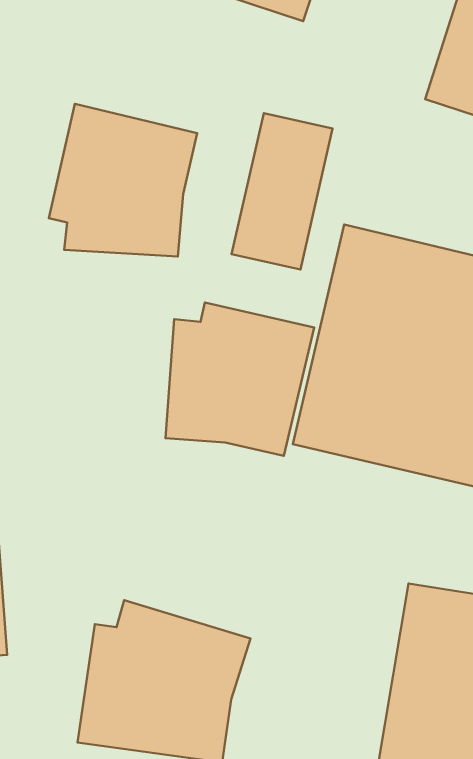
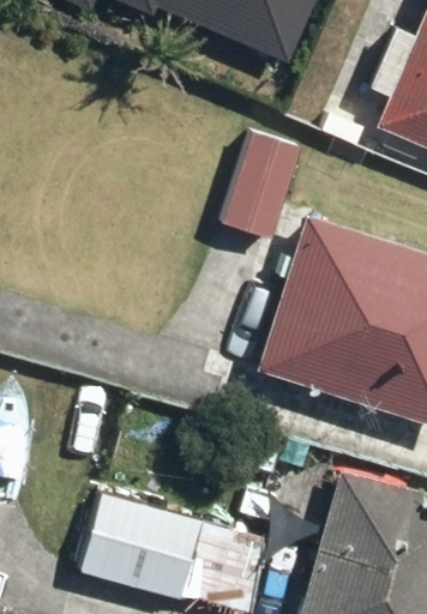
building: [49,104,197,256] -> none
building: [166,303,314,456] -> none

